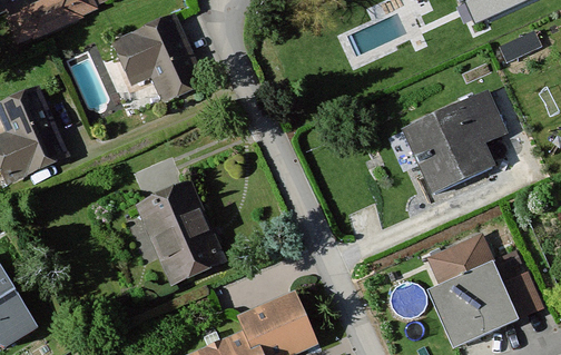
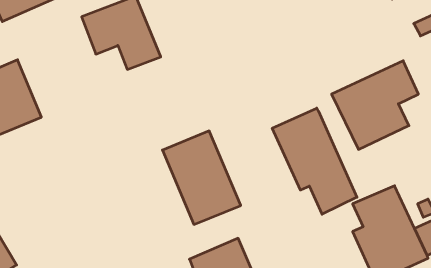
building: none -> [272,108,357,214]
building: [127,174,218,283] -> [162,131,241,224]

